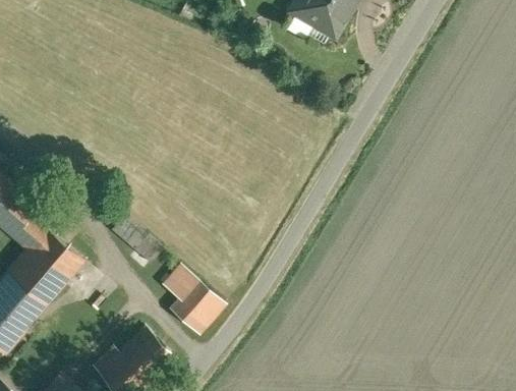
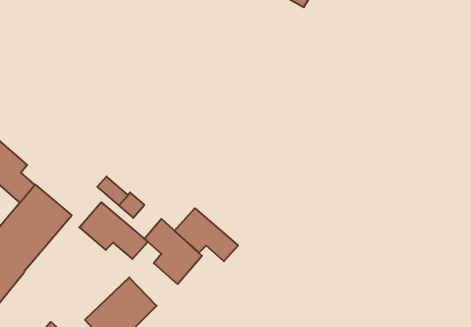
building: none -> [79,202,148,259]
building: none -> [175,208,238,261]

